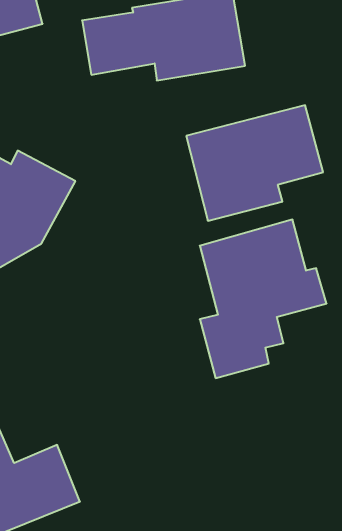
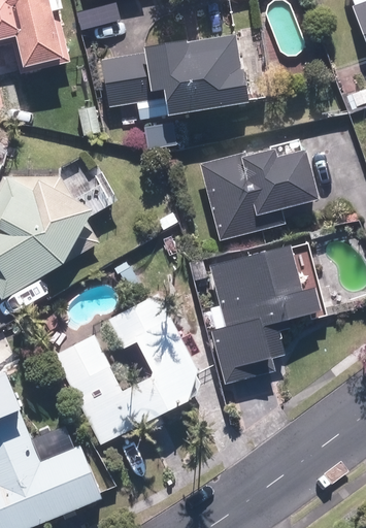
building: none -> [53,294,200,447]

